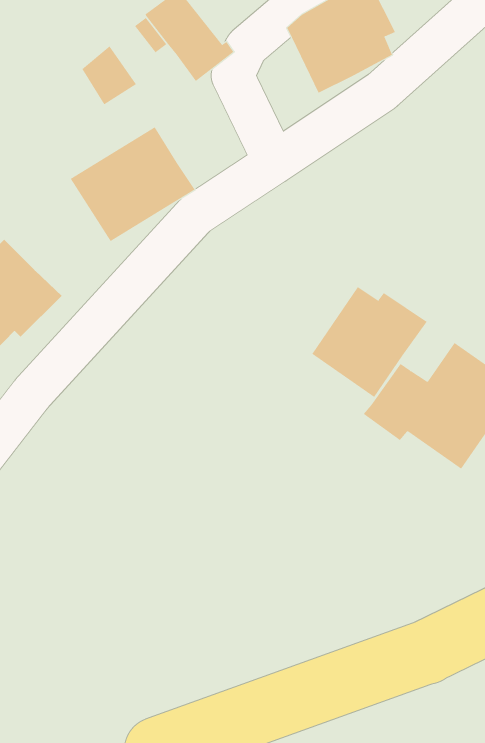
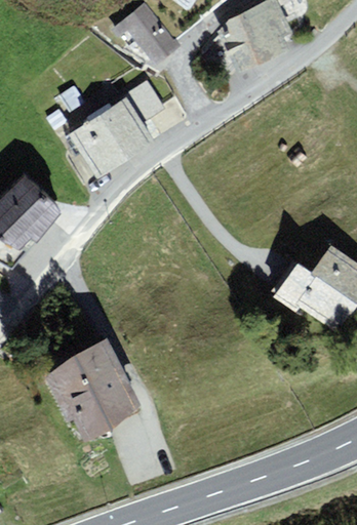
building: [81,45,137,105] -> [126,80,164,121]
building: [312,286,427,398] -> none
building: none -> [43,337,140,441]

